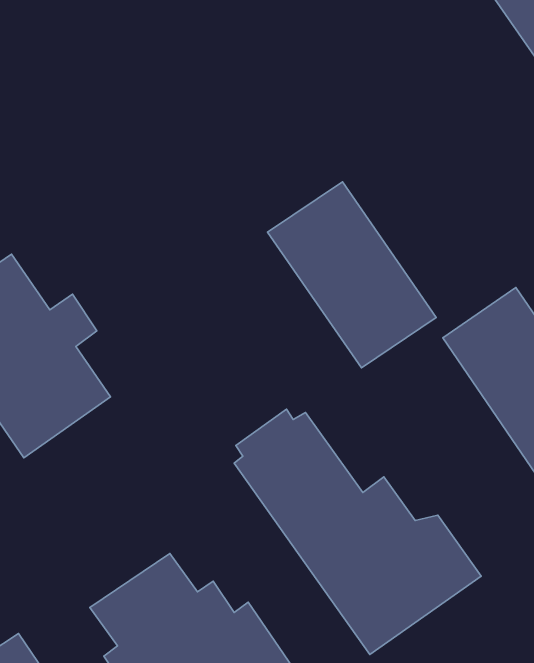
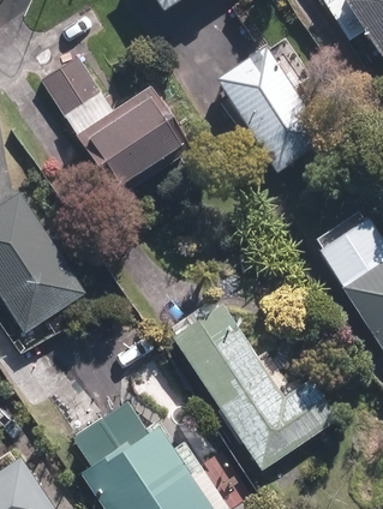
building: none -> [43,54,186,192]
building: [268,182,436,368] -> [213,46,329,174]

